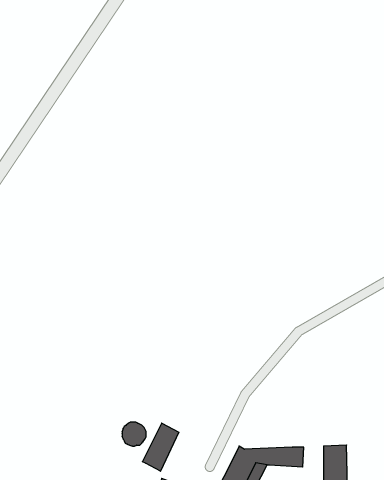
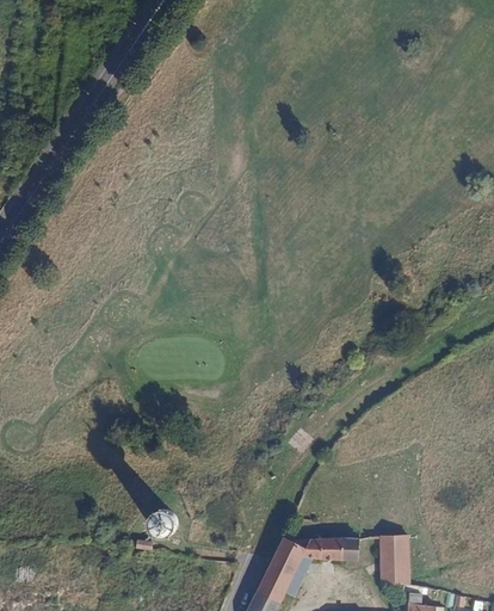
building: [142,423,179,471] -> none

